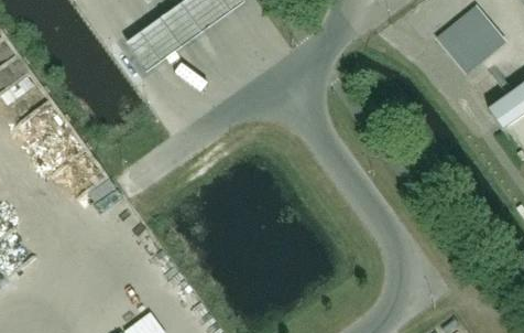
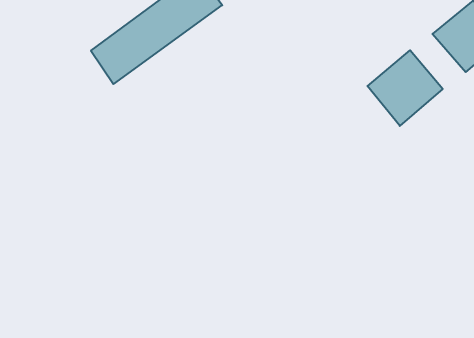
building: none -> [367,50,443,126]

